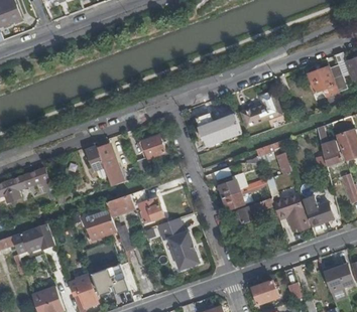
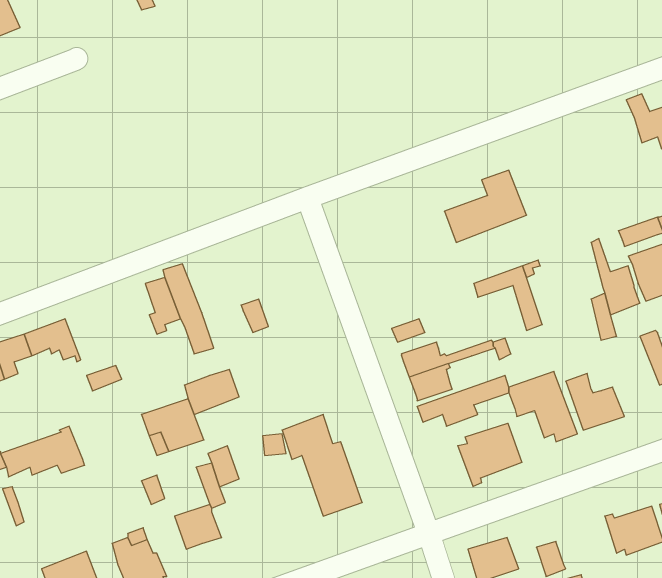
building: [308,64,346,98] -> none
building: [197,114,241,145] -> none
building: [137,135,164,158] -> none
building: [129,189,163,222] -> none
building: none -> [458,423,522,487]

